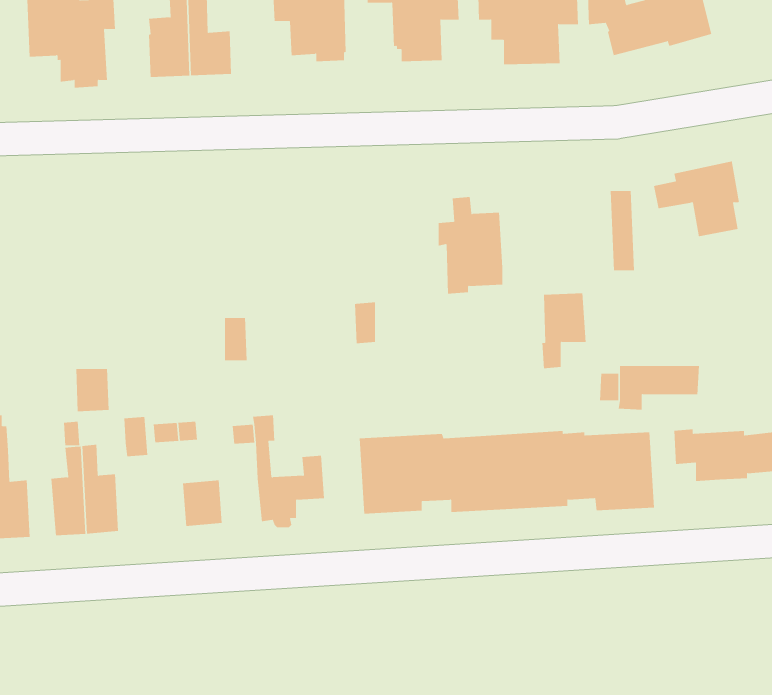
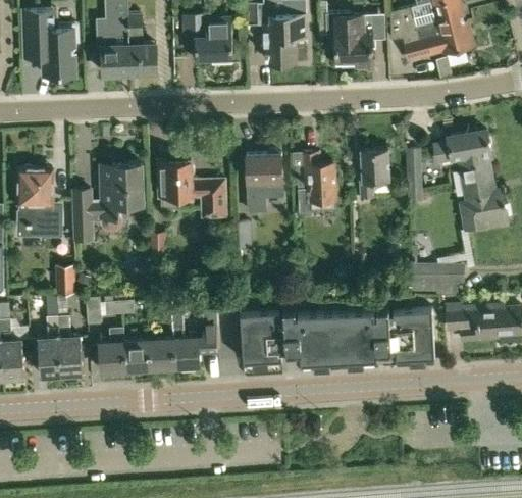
building: none -> [246,151,282,212]
building: none -> [159,160,228,220]
building: none -> [74,163,143,240]
building: none -> [17,168,62,237]
building: none -> [461,175,508,229]
building: [541,293,586,369] -> [360,149,389,199]
building: none -> [99,329,126,371]
building: none -> [149,339,176,368]

